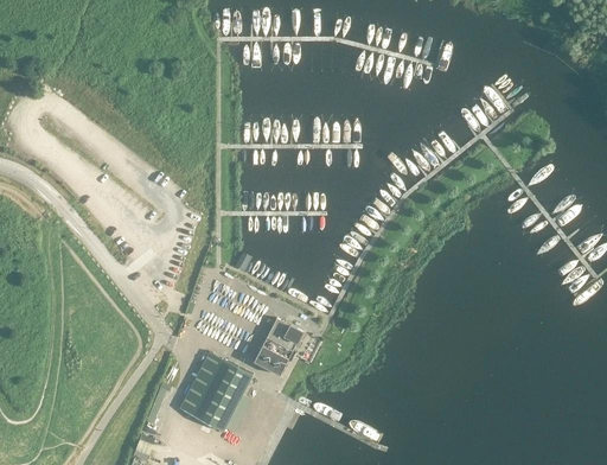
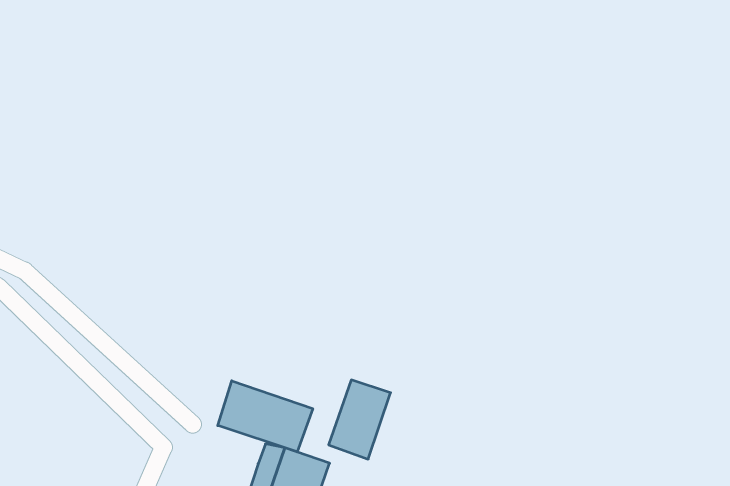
building: none -> [218,381,313,452]

